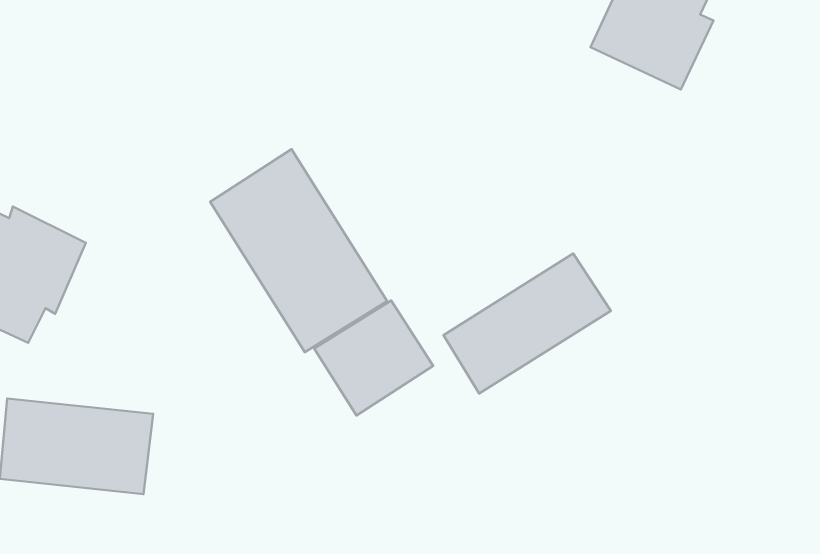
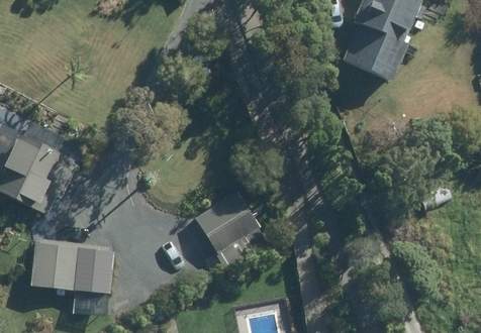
building: [210,149,387,352] -> none
building: [443,253,611,394] -> none

